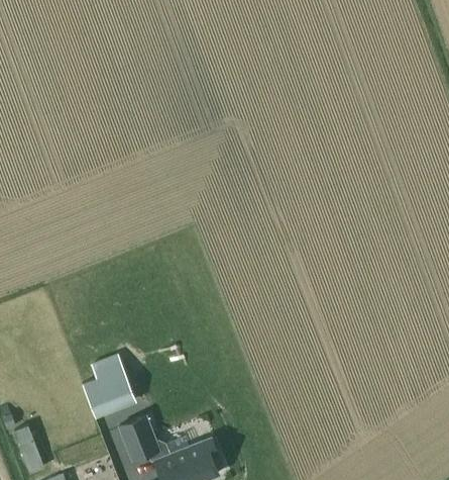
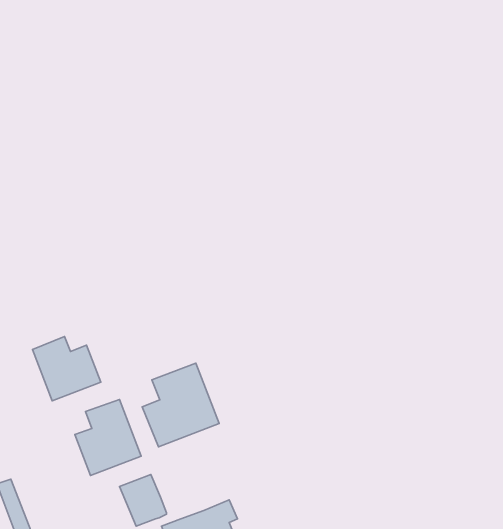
building: none -> [33,337,101,401]
building: none -> [142,363,219,447]

